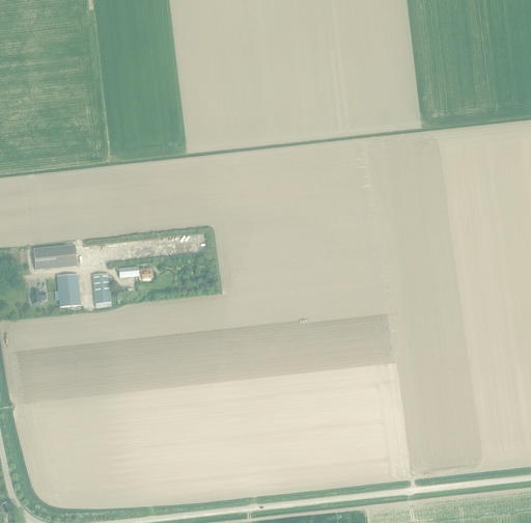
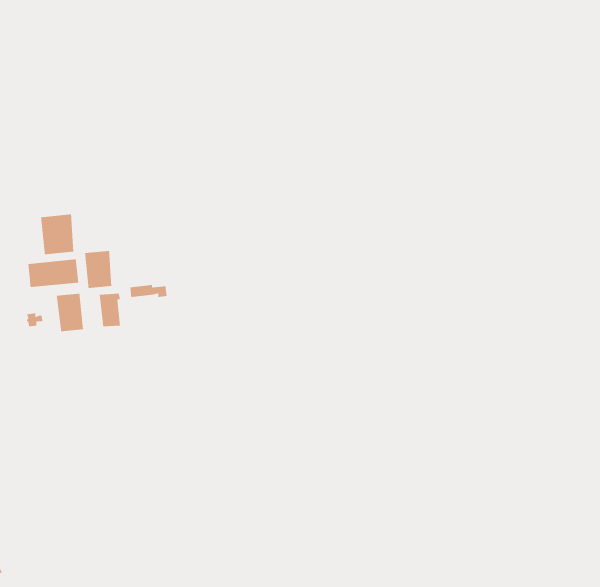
building: none -> [40,214,74,255]
building: none -> [84,250,112,289]

